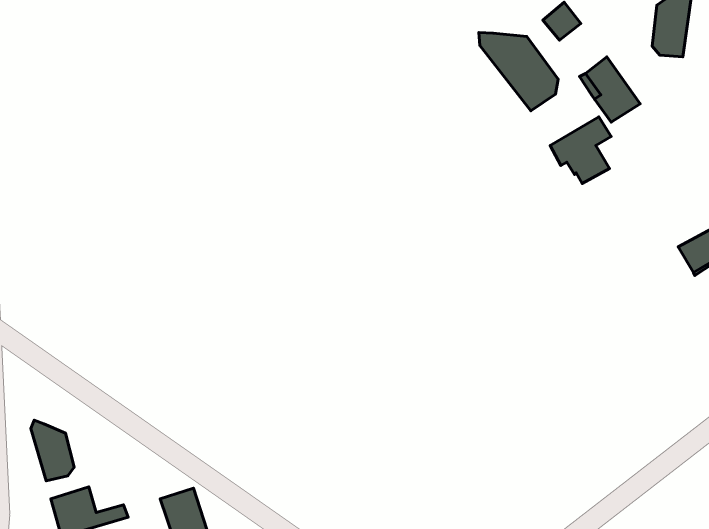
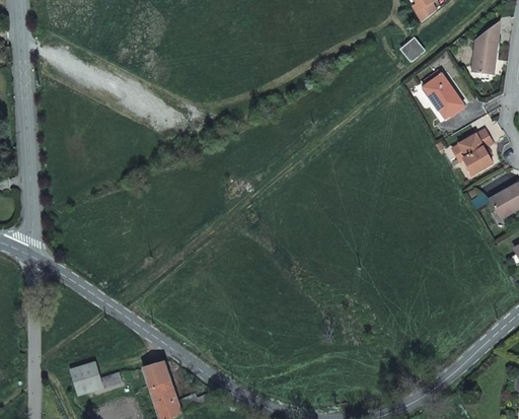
building: [479,32,558,111] -> none
building: [550,117,611,184] -> [451,130,492,174]
building: [31,420,74,481] -> none

